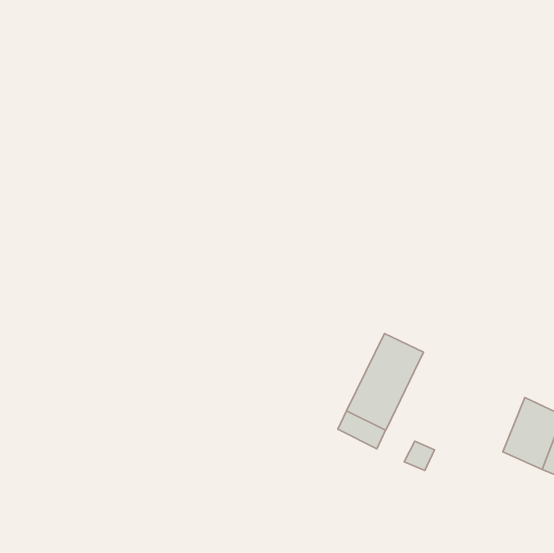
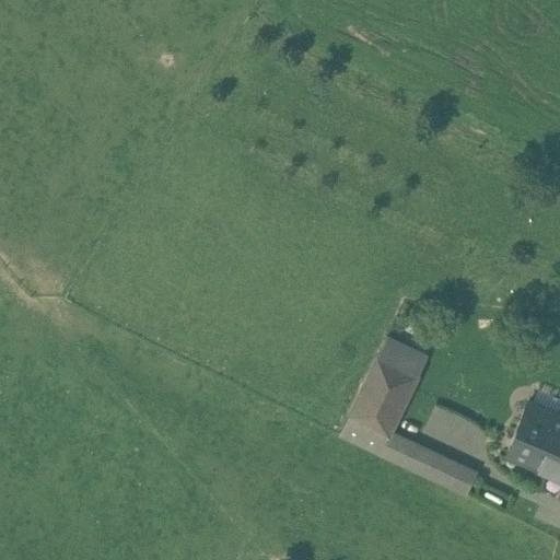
building: none -> [381,433,419,467]
building: none -> [429,455,477,494]

